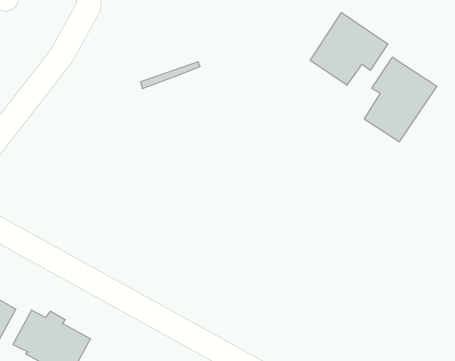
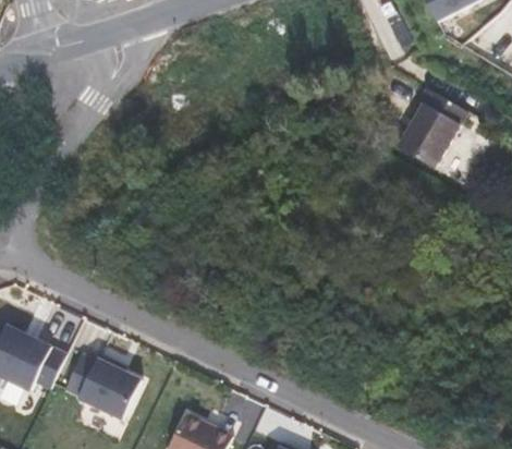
building: [310,13,388,85] -> none

